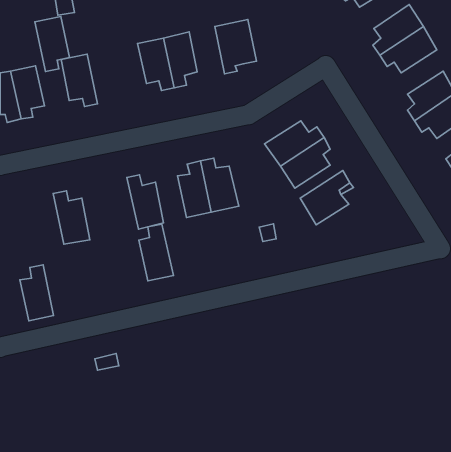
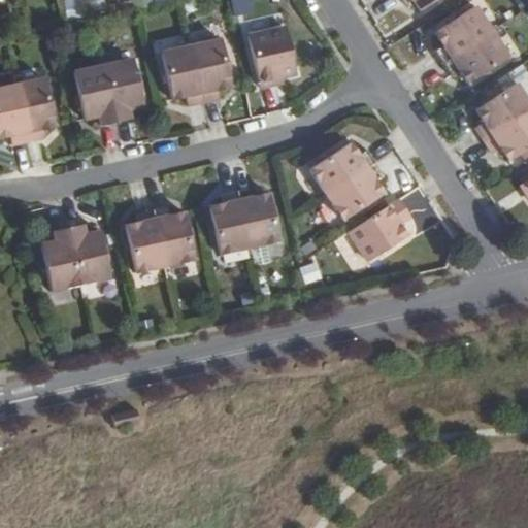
building: [35,17,70,72] -> [104,57,144,121]
building: [139,224,174,281] -> [124,206,164,272]
building: [20,265,54,321] -> [38,225,77,290]

